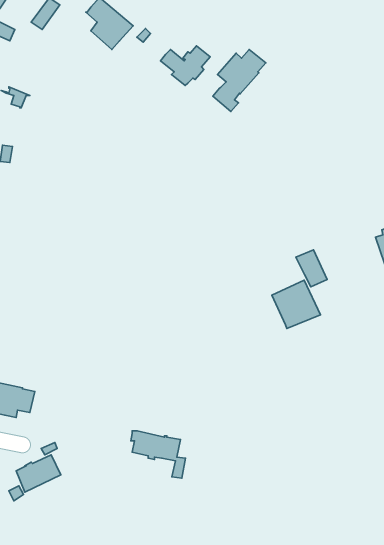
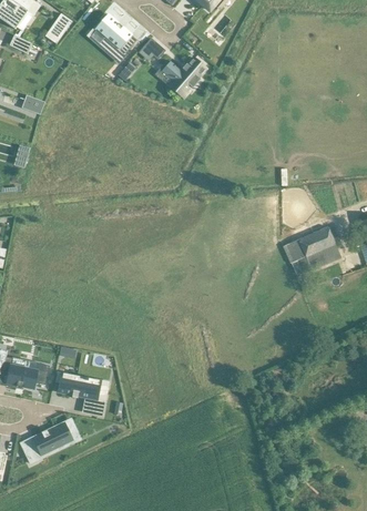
building: [213,50,266,112] -> none
building: [272,280,320,329] -> [297,226,340,269]
building: [131,431,186,478] -> [55,372,104,415]

